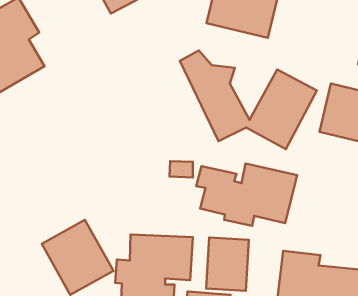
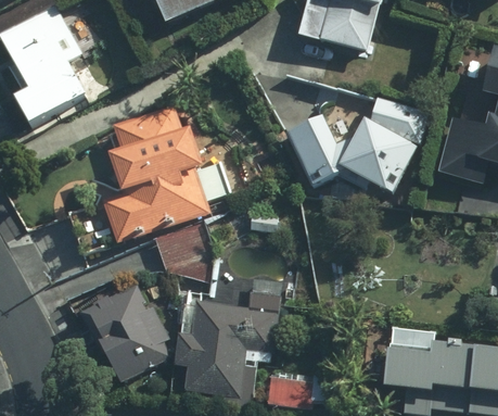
building: none -> [101,108,229,280]
building: [196,163,297,226] -> none
building: [206,237,249,291] -> none

